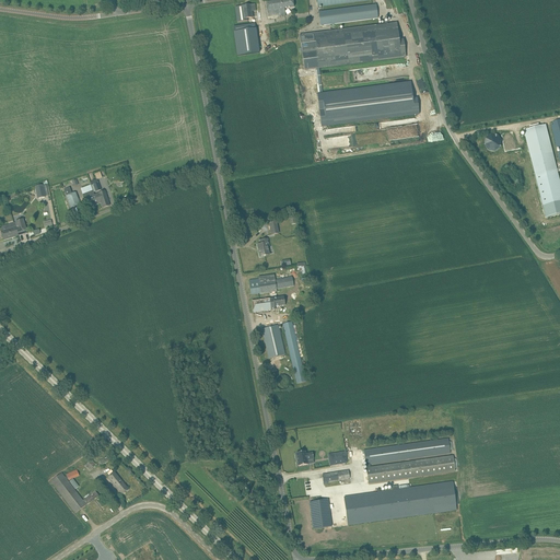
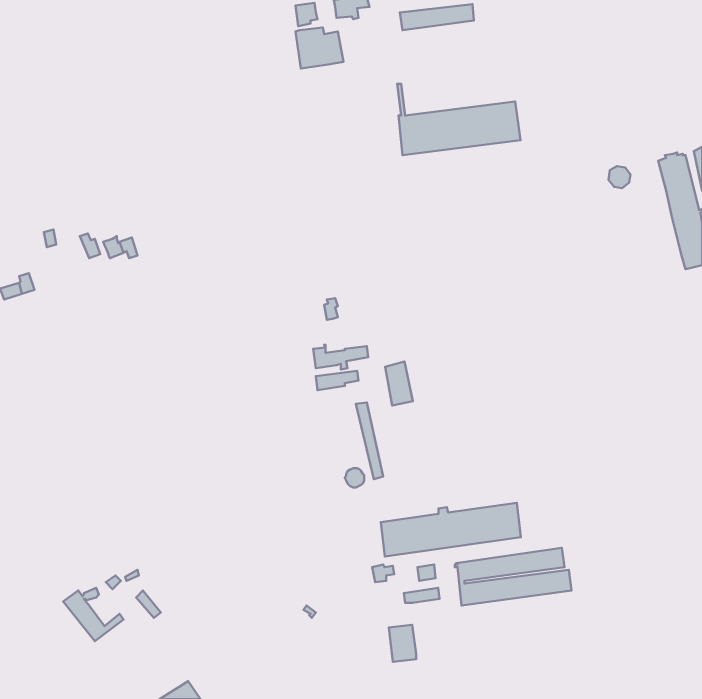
building: [300,21,406,69] -> none
building: [262,323,284,358] -> [385,361,413,405]
building: [346,480,457,523] -> [381,503,521,557]

